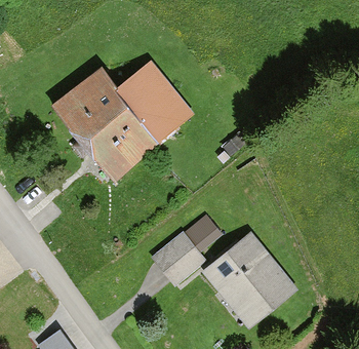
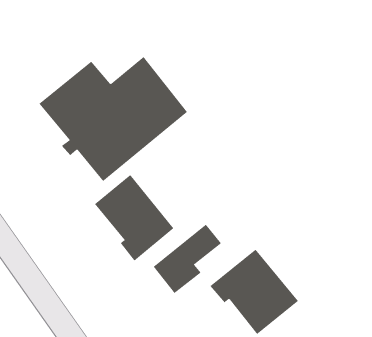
building: none -> [94,174,174,262]

